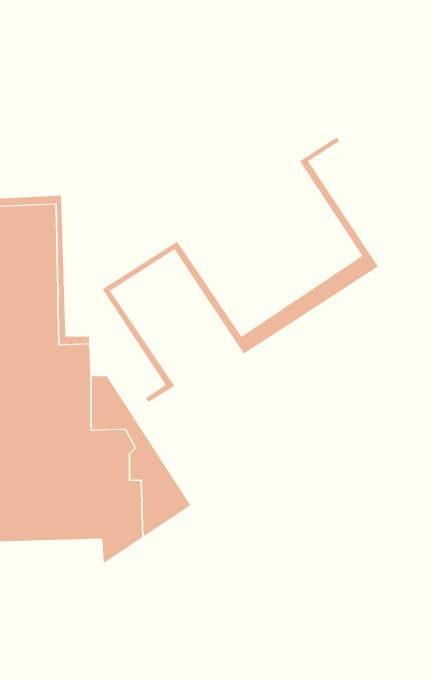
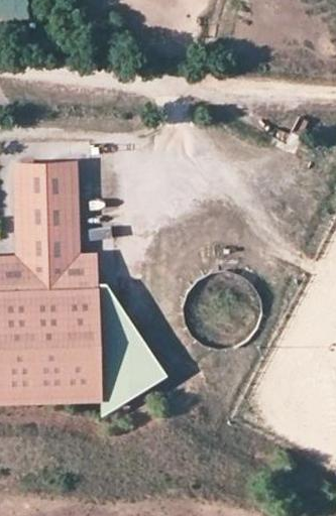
building: [102,137,379,403] -> none

